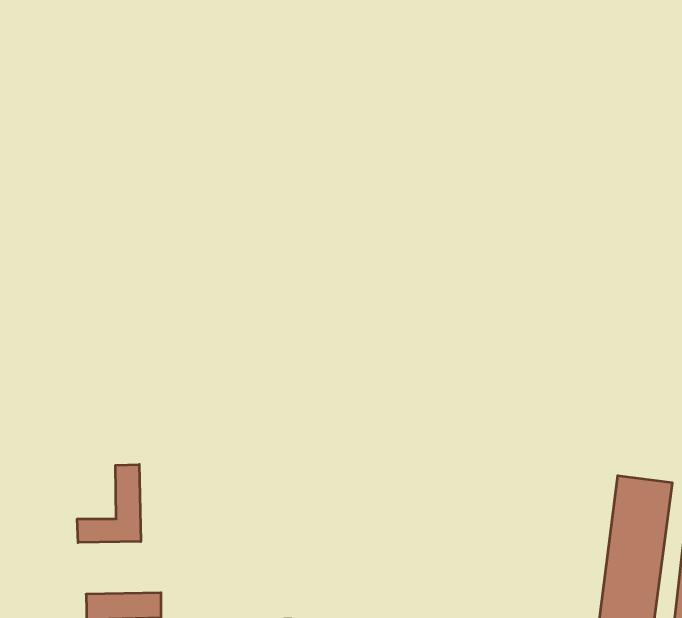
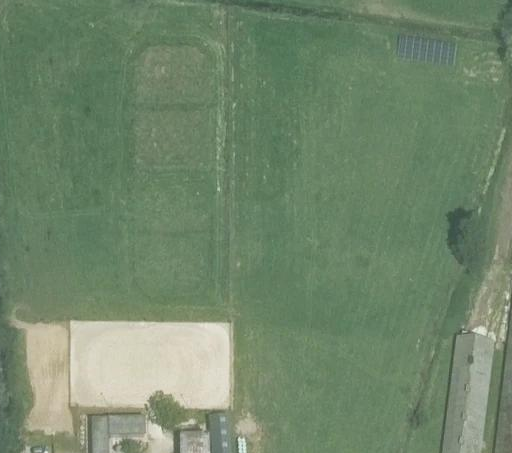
building: [77,464,141,543] -> none

